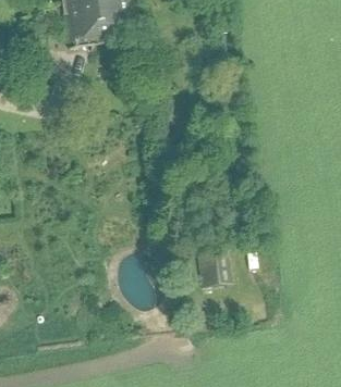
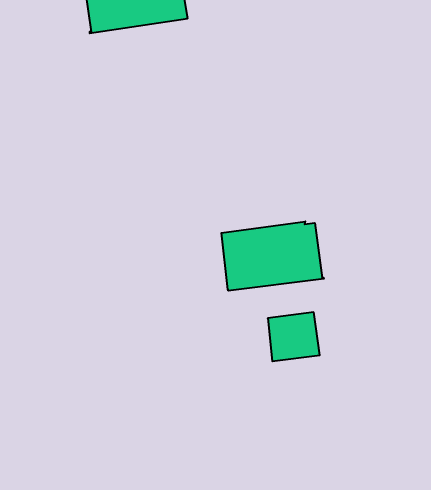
building: none -> [221,221,324,291]

